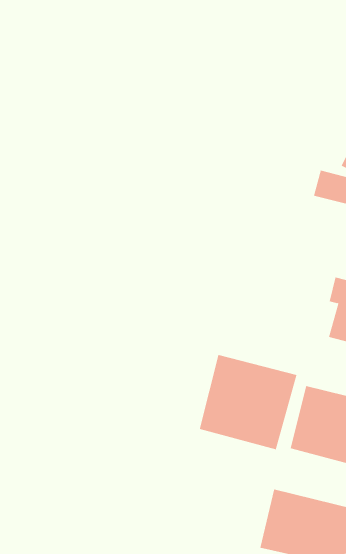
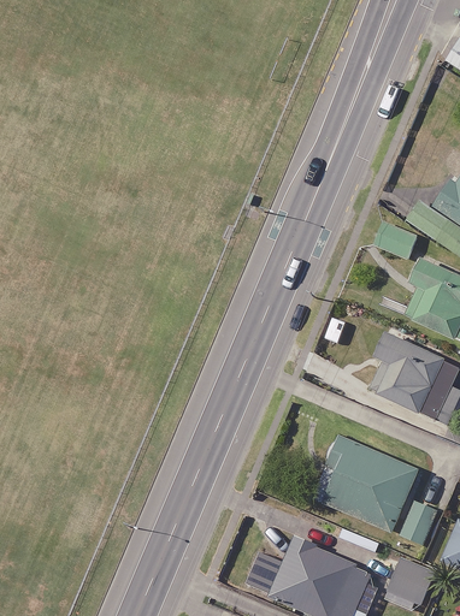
building: [199,354,297,450] -> none

